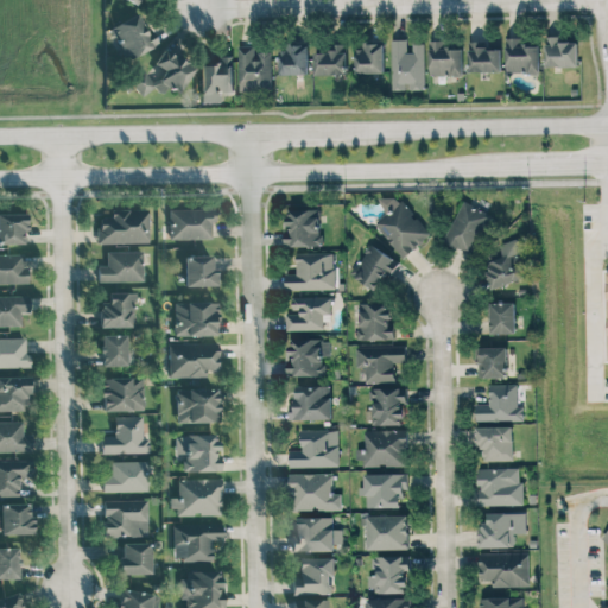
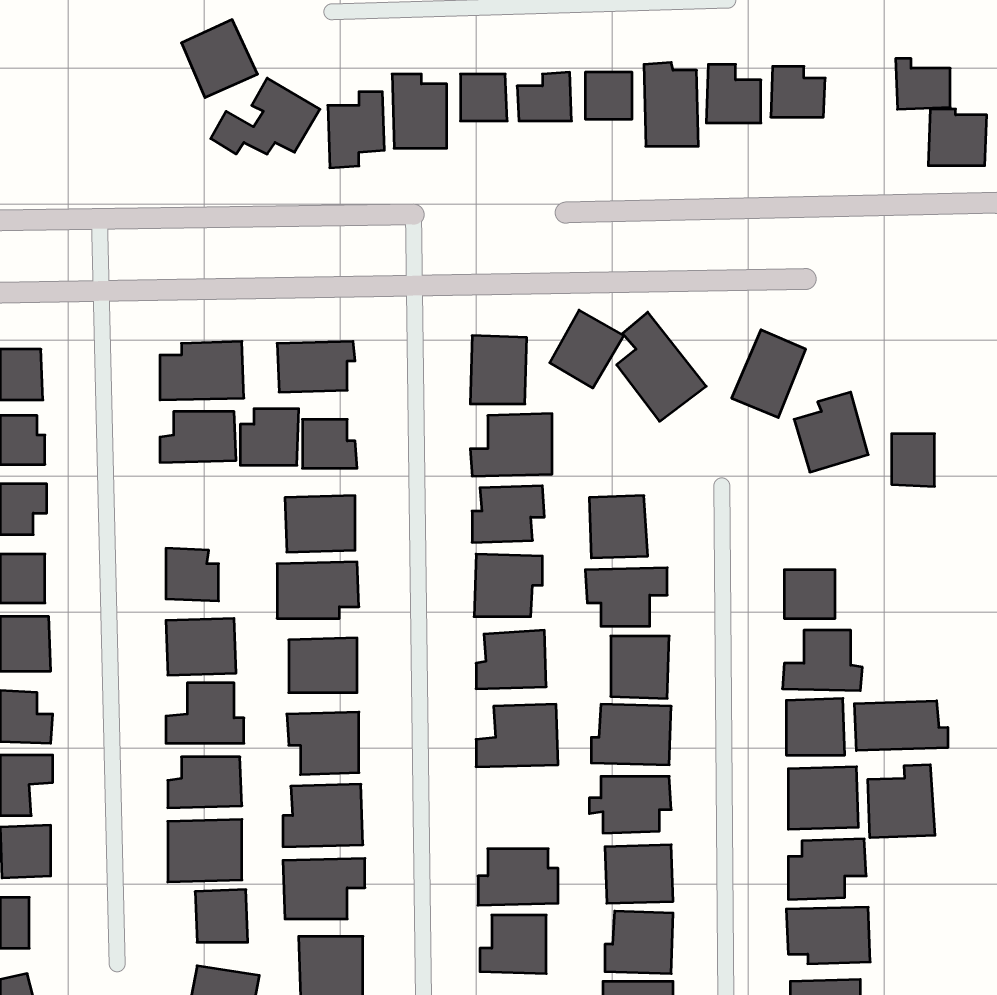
building: [506,39,542,74] -> [928,109,987,166]
building: [353,245,398,292] -> [550,310,624,388]
building: [100,293,135,328] -> [240,409,299,465]
building: [490,303,517,335] -> [892,434,935,486]
building: none -> [854,701,948,751]
building: none -> [868,765,935,838]
building: [290,474,335,511] -> none

